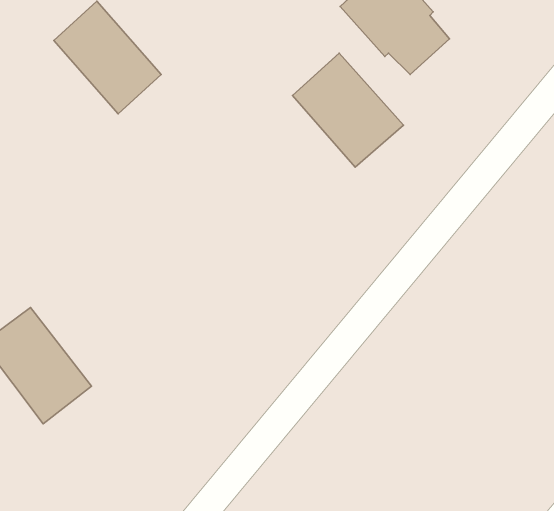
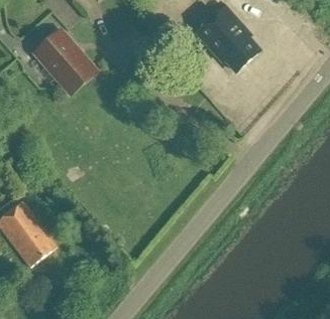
building: [293,53,403,167] -> none

